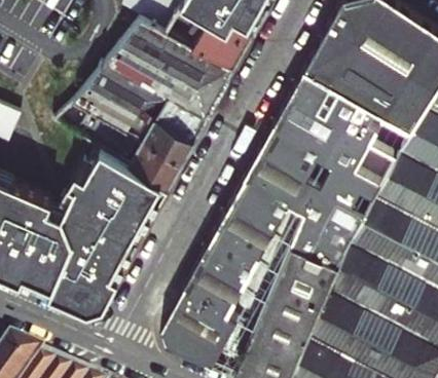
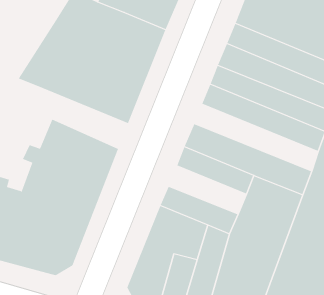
building: [89,113,182,186] -> none
building: [250,150,375,234] -> none
building: [215,211,295,269] -> none

